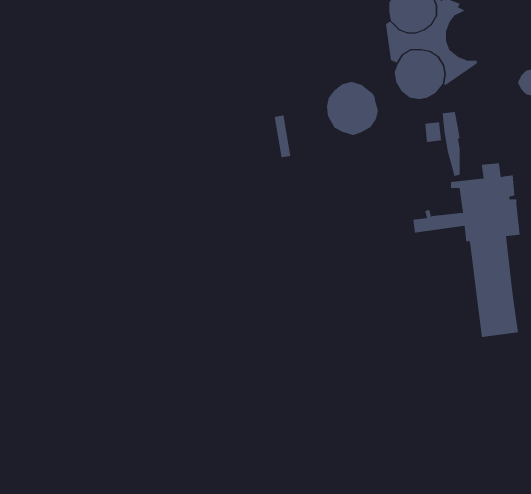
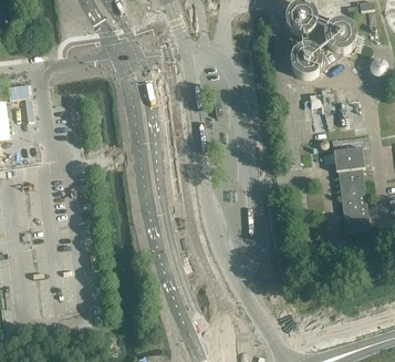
building: none -> [322,21,354,53]
building: [326,81,379,136] -> none

